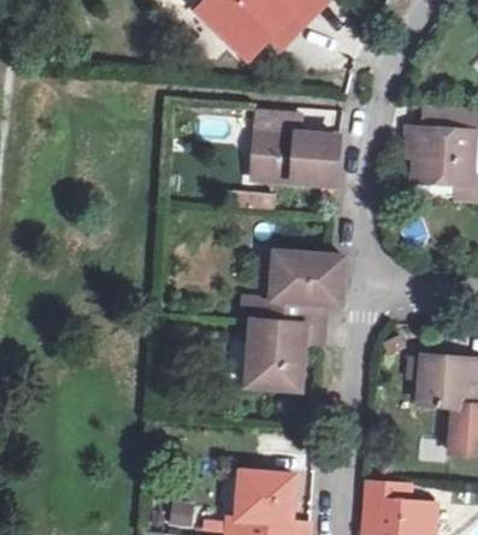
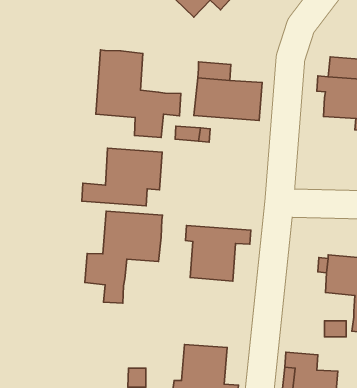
building: none -> [96,50,181,138]
building: [242,251,344,325] -> [82,148,162,206]
building: none -> [85,211,162,303]

